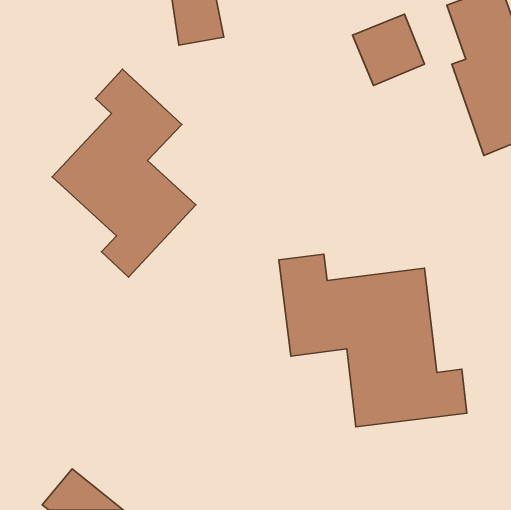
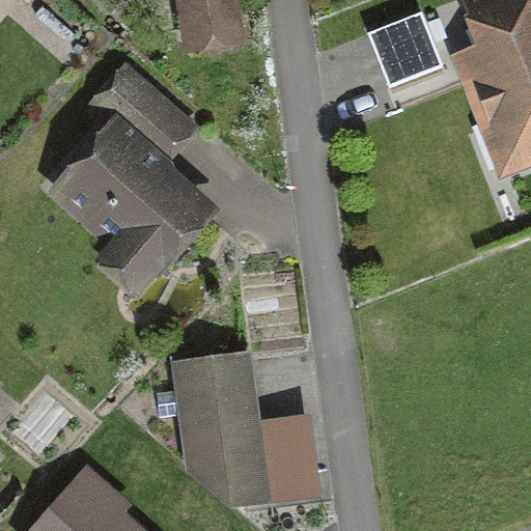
building: [279,254,467,427] -> none
building: none -> [181,364,310,501]

